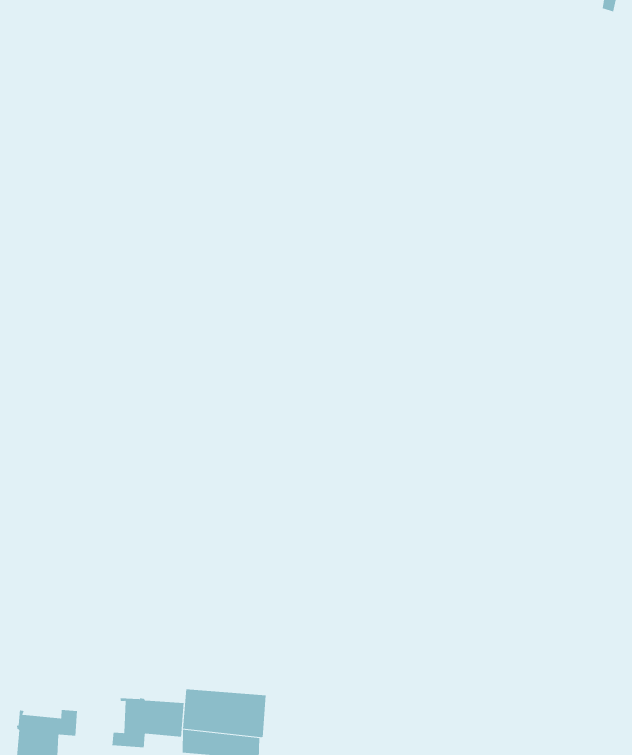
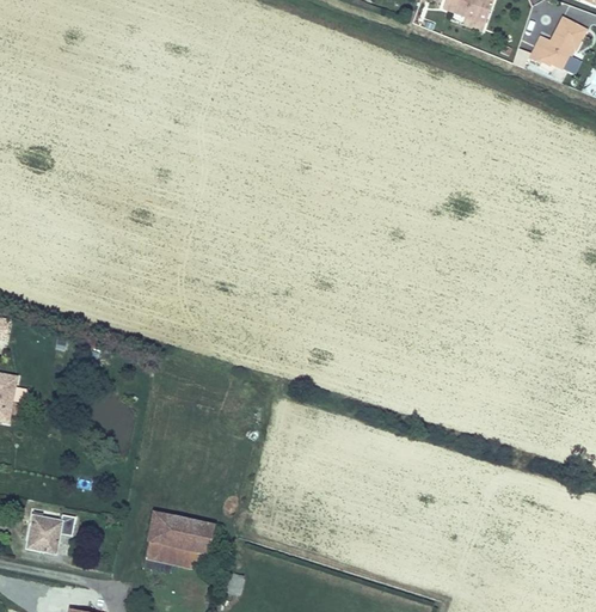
building: [112,697,184,748] -> none

